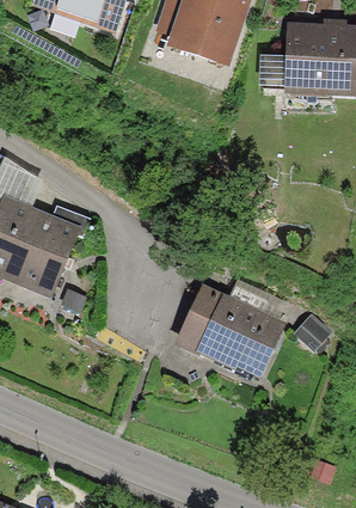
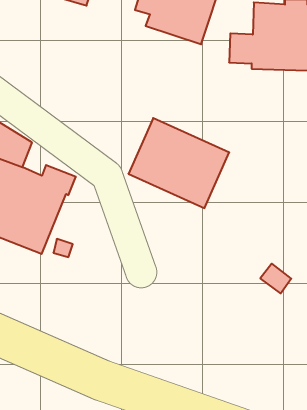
building: [173,286,286,386] -> [128,118,229,208]

